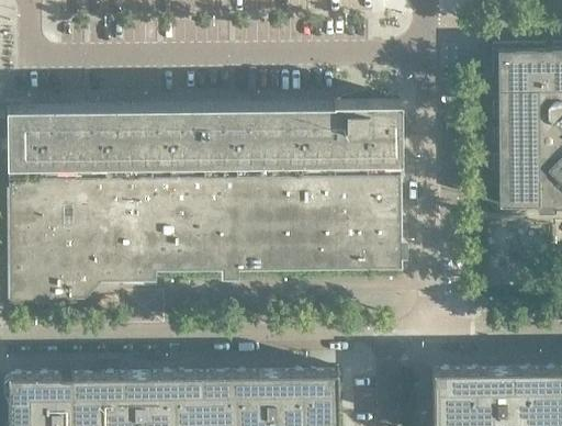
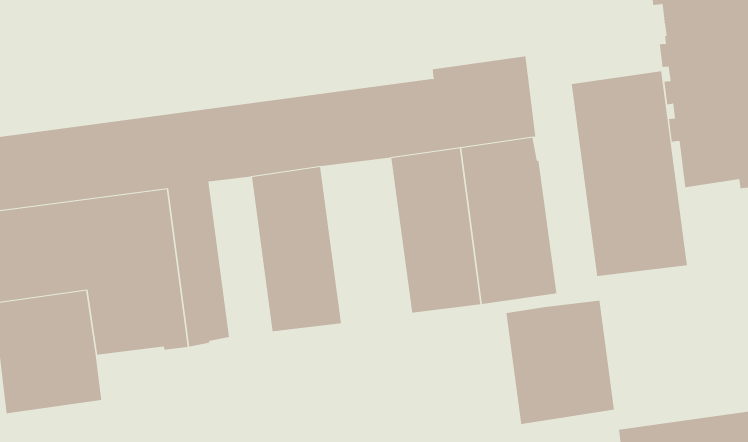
building: none -> [571,71,687,277]
building: [249,164,300,274] -> none
building: [170,165,201,274] -> none
building: none -> [506,300,615,425]

